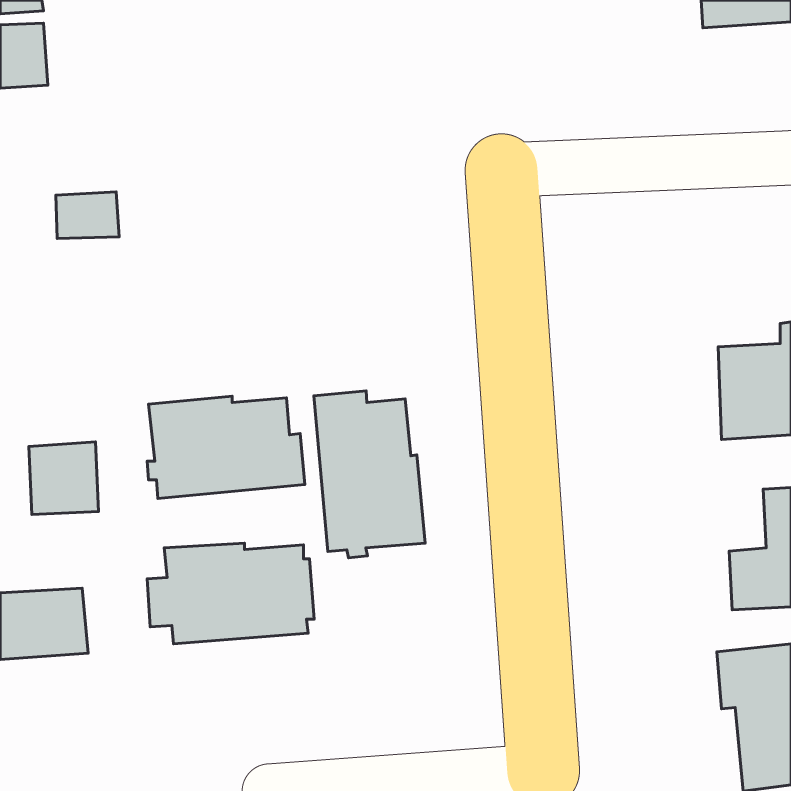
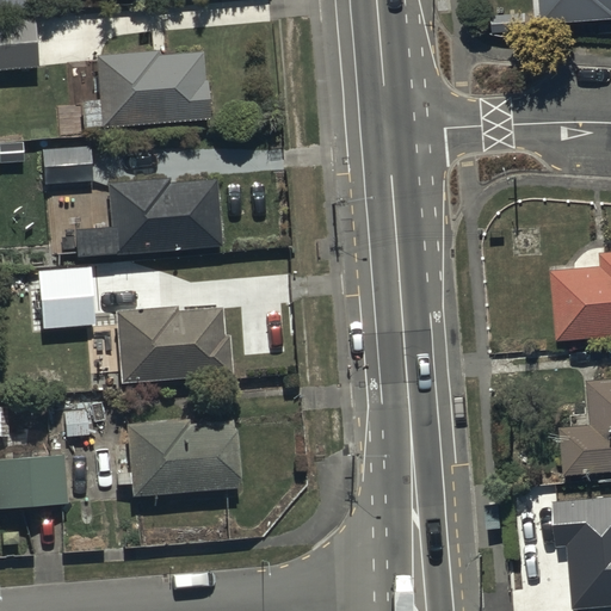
building: none -> [97,51,212,128]
building: none -> [78,178,222,257]
building: [314,391,425,558] -> none
building: [29,442,99,515] -> [39,269,93,325]

